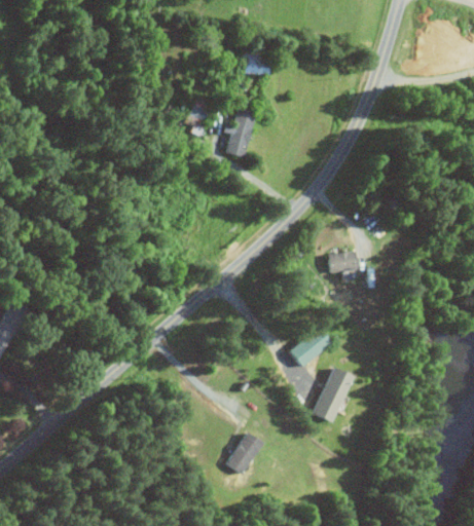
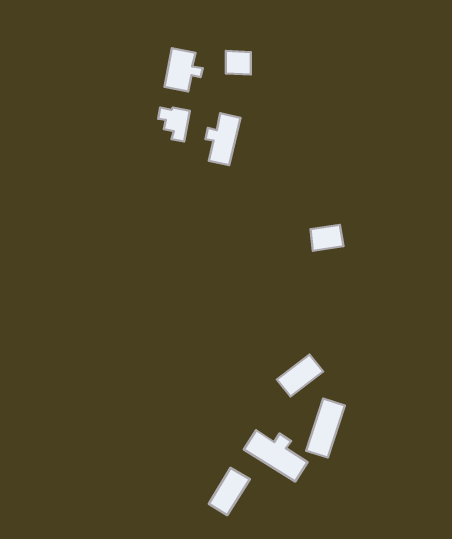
building: none -> [165,48,203,92]
building: [328,251,358,274] -> [311,225,343,251]
building: none -> [244,430,308,482]

